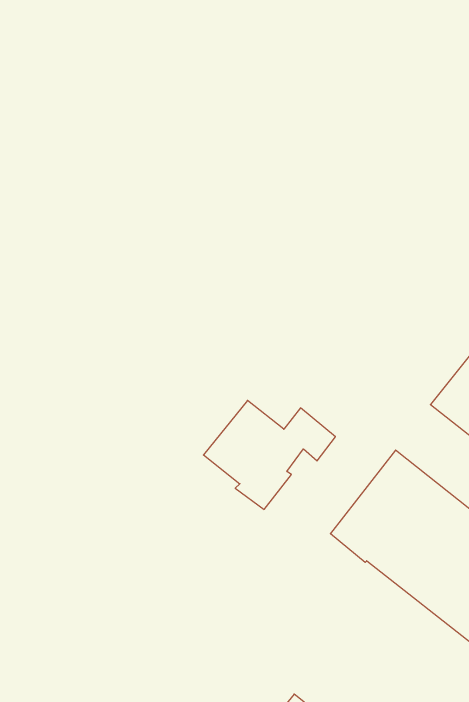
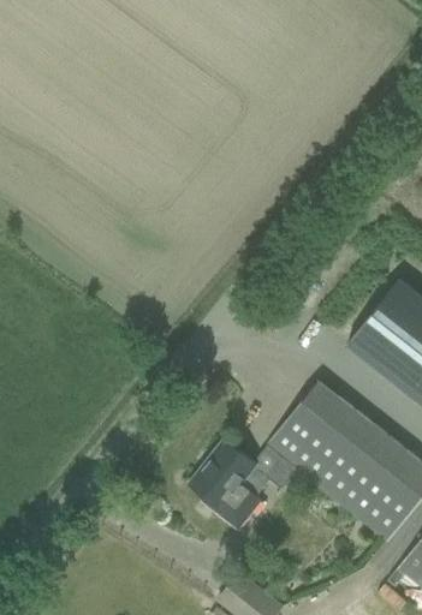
building: [203,400,335,509] -> [190,442,295,529]

